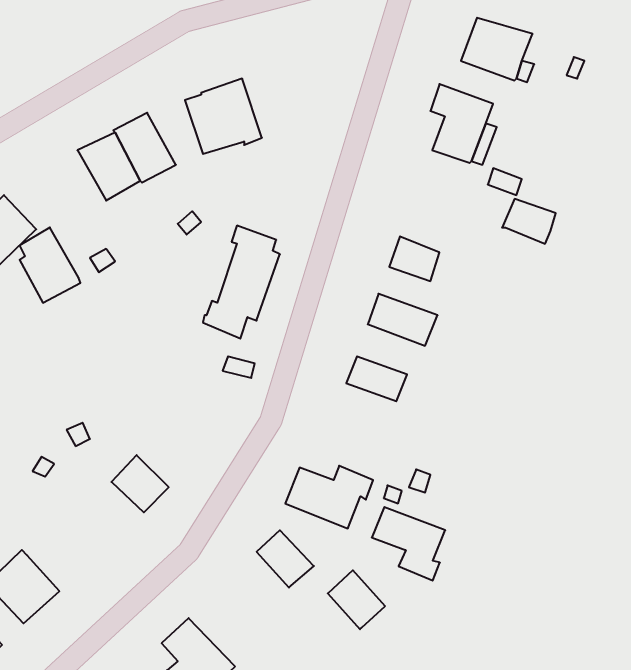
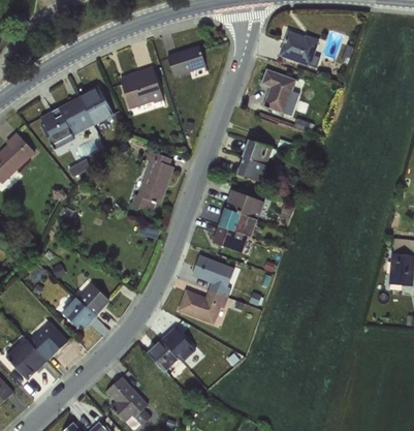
building: none -> [166,44,206,76]
building: [502,199,556,244] -> [242,140,273,165]
building: [20,227,80,303] -> [40,106,75,150]
building: none -> [219,207,258,237]
building: none -> [61,297,96,328]
building: [372,507,445,581] -> [193,254,235,297]
building: none -> [29,321,68,361]
building: [328,570,385,629] -> [147,338,180,372]

